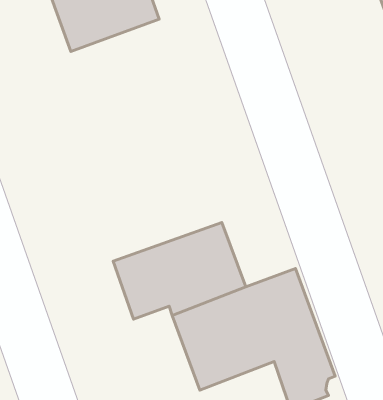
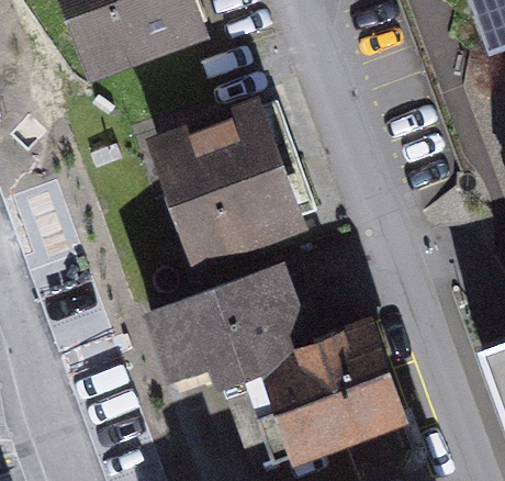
building: none -> [167,104,315,250]

